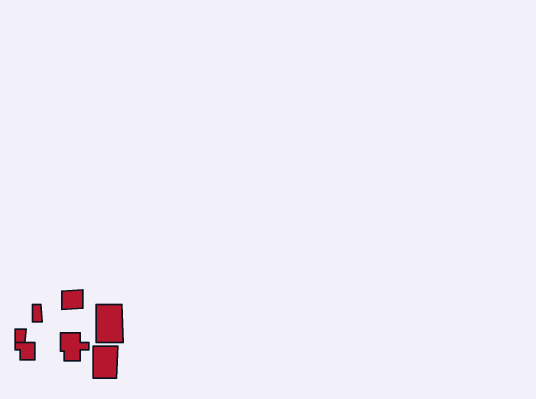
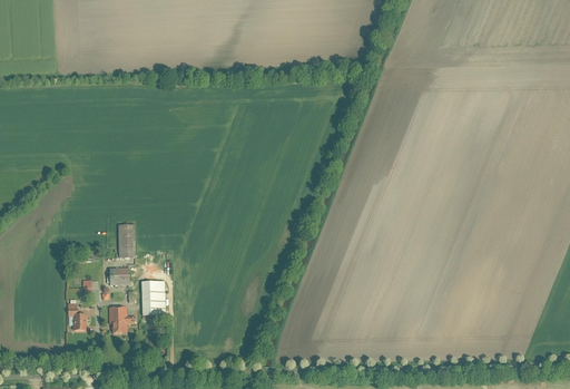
building: none -> [117,225,134,257]
building: [93,346,118,378] -> none

